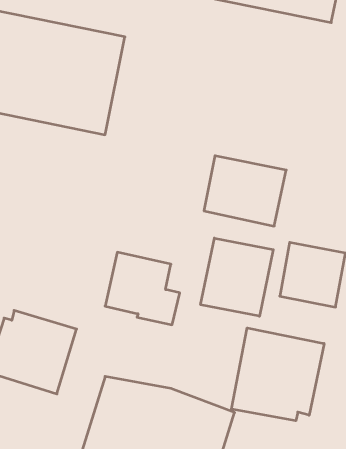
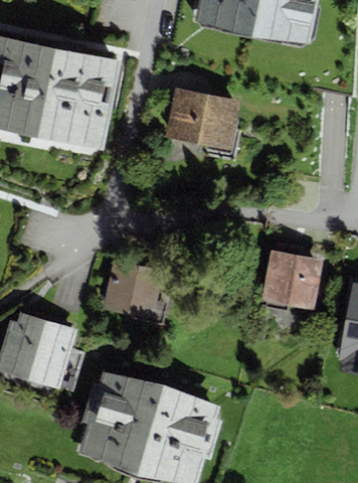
building: [204,156,286,226] -> [165,87,240,151]
building: [201,238,273,316] -> none
building: [231,328,324,421] -> none

